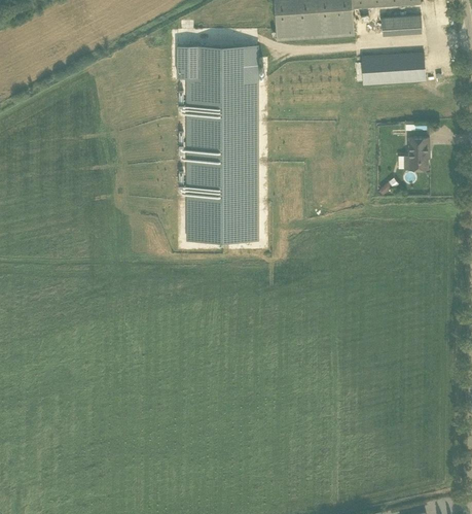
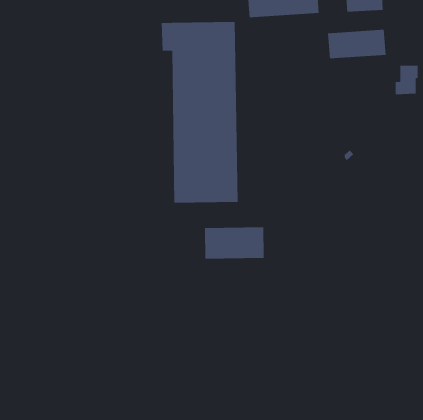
building: [399,137,425,169] -> [395,65,419,95]
building: none -> [205,227,264,259]

